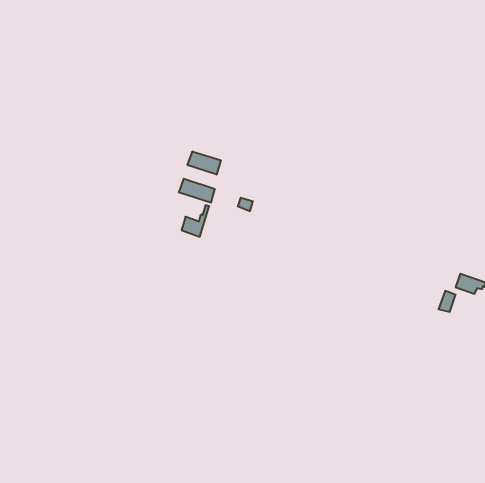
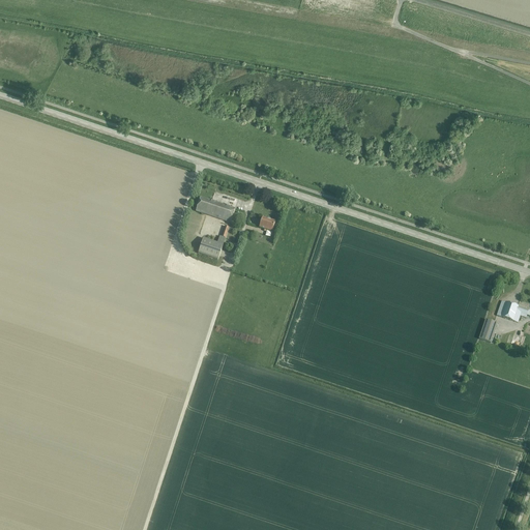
building: [188,151,221,175] -> none

